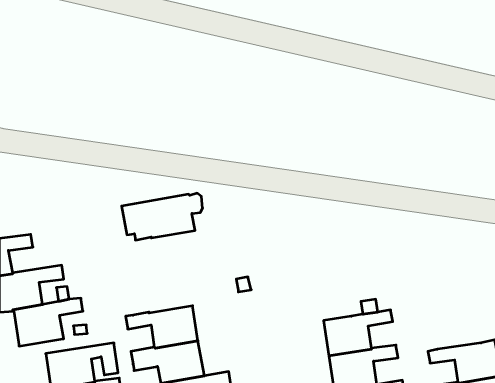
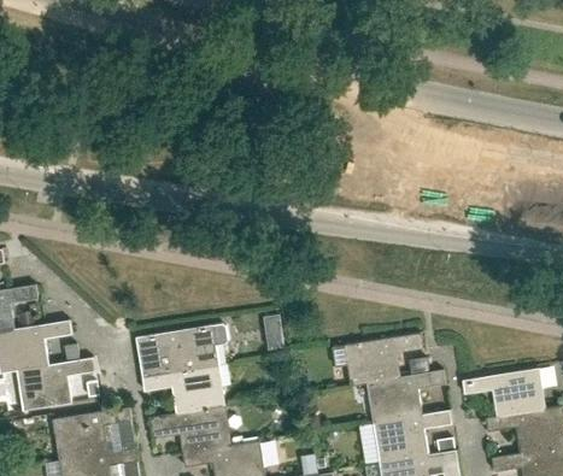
building: [122,193,203,240] -> [135,323,227,376]
building: none -> [344,333,422,386]
building: none -> [462,368,545,415]

